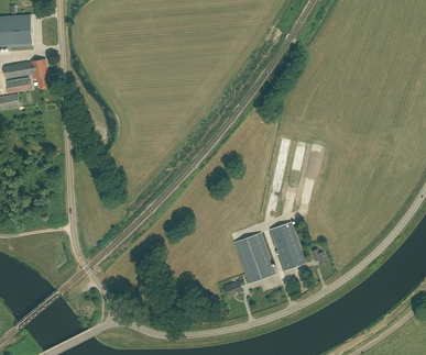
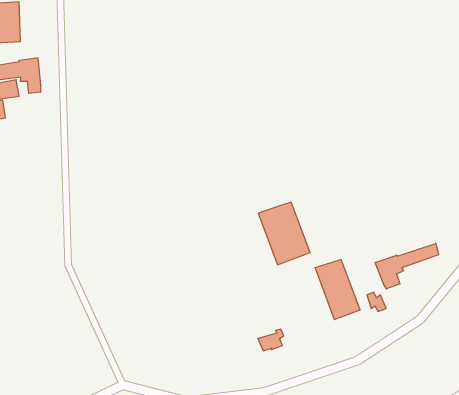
building: none -> [375,243,438,289]
building: [233,233,275,284] -> [258,202,310,265]

